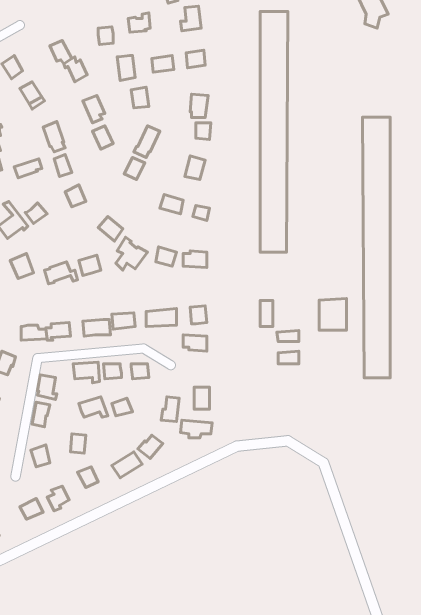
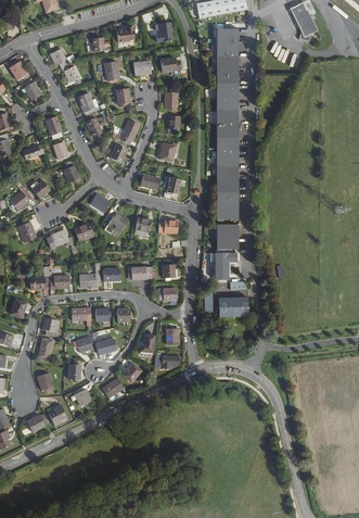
building: [363,117,390,378] -> none
building: [319,299,347,330] -> [217,225,239,250]

